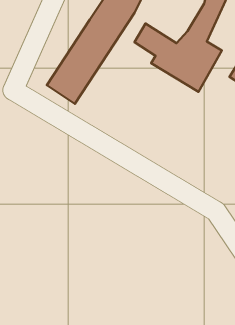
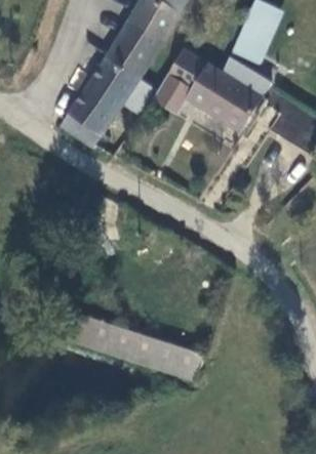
building: none -> [150,74,191,116]
building: none -> [79,317,198,376]

